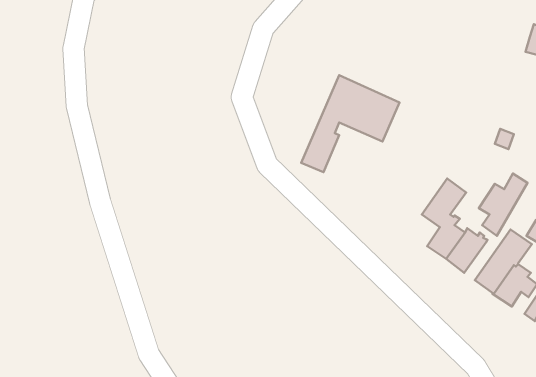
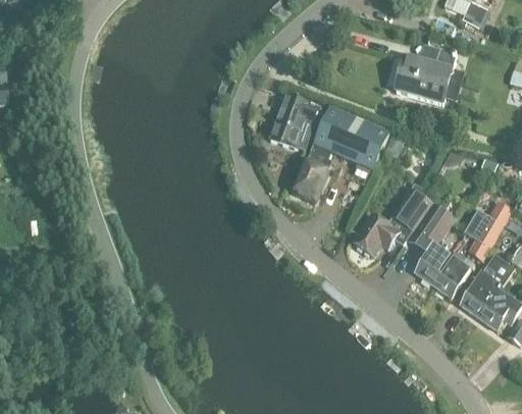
building: none -> [395,43,455,101]
building: none -> [270,94,320,150]
building: none -> [354,183,429,254]

